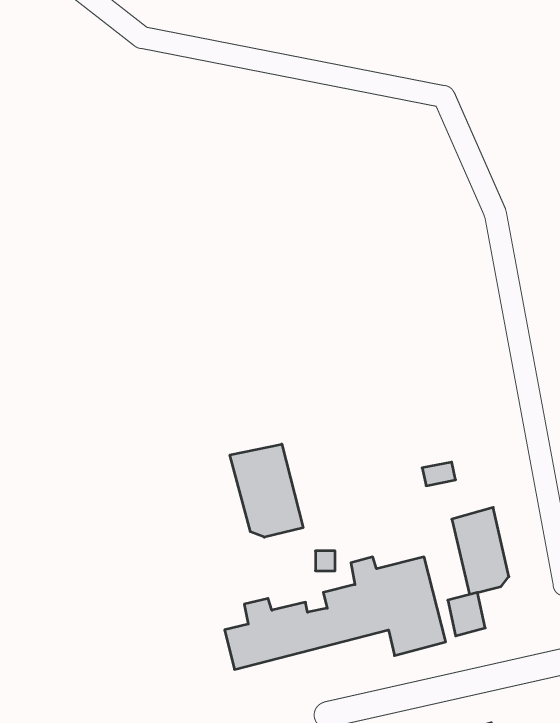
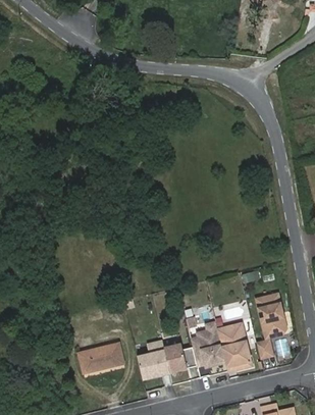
building: [230,444,303,537] -> none
building: none -> [77,343,122,372]

